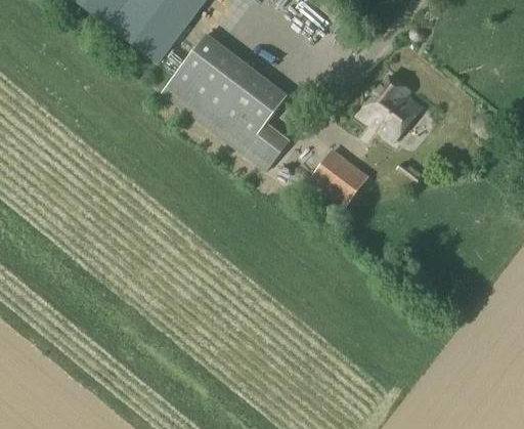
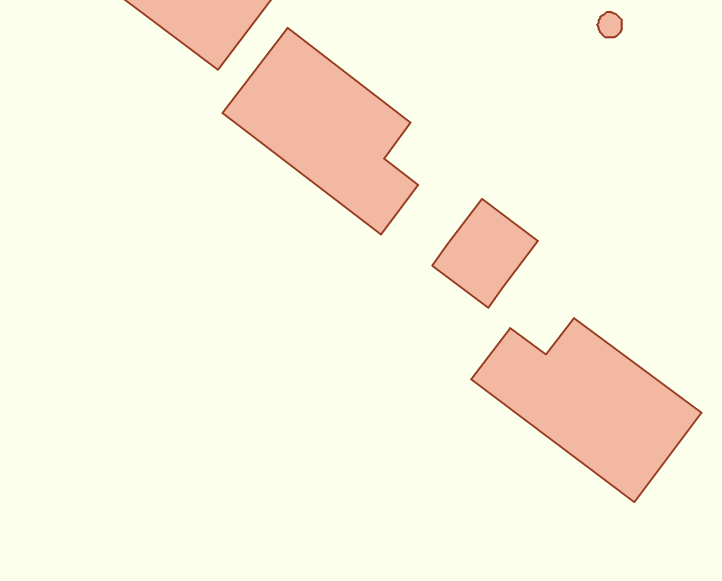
building: [359,74,421,140] -> none
building: none -> [471,318,702,502]

